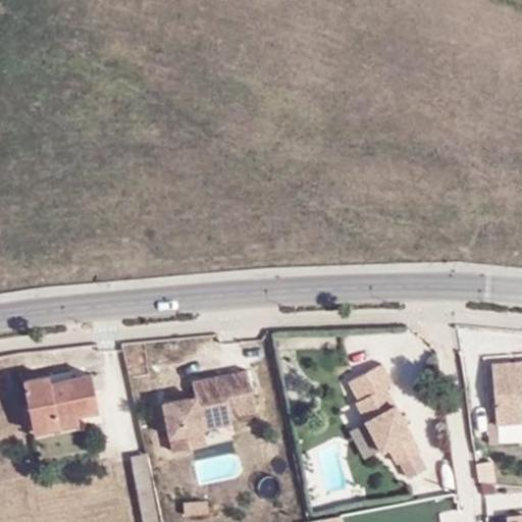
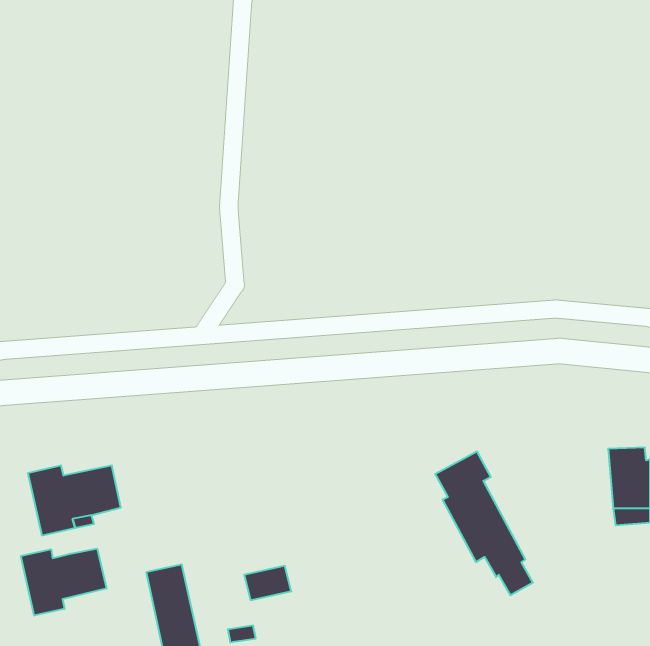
building: [162,372,256,453] -> none
building: none -> [21,549,106,616]

